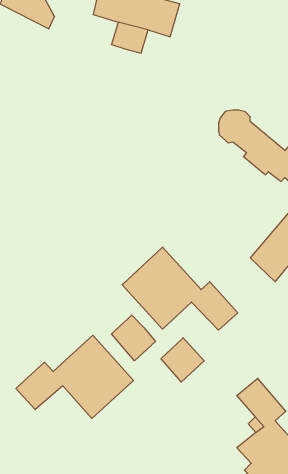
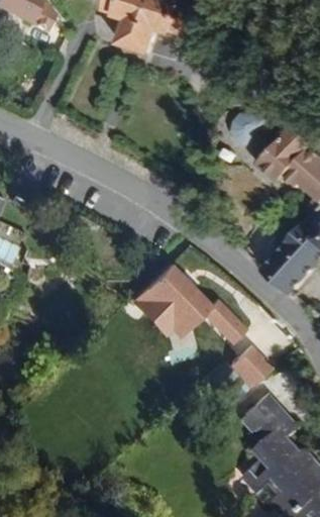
building: [112,315,156,361] -> none
building: [16,335,133,418] -> none
building: [161,338,204,382] -> [229,342,275,389]

